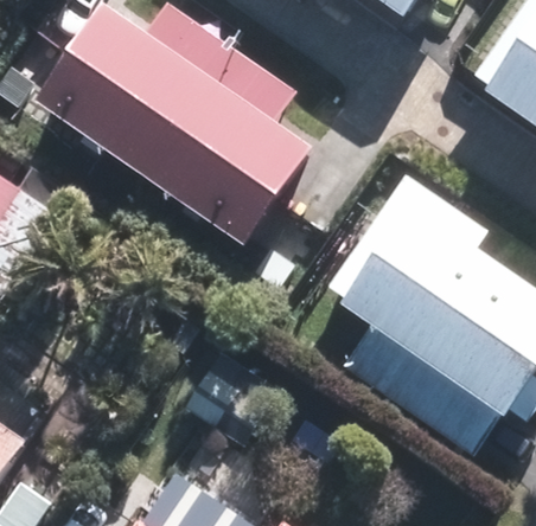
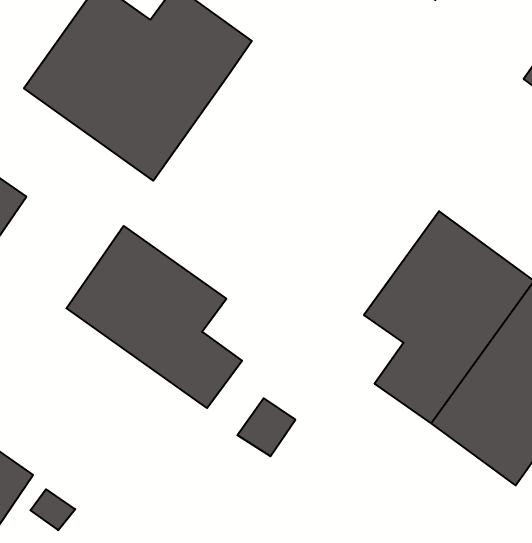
building: [145,50,318,250] -> none
building: none -> [66,226,242,408]

